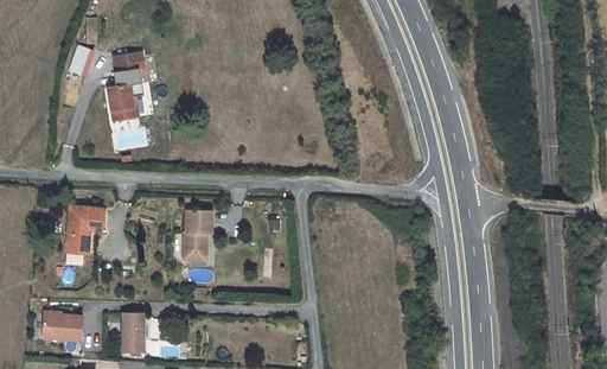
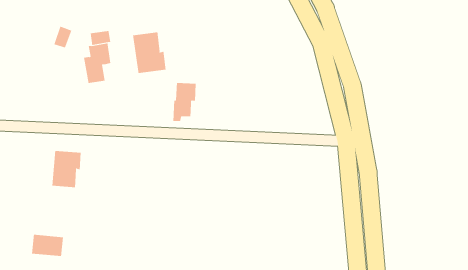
building: none -> [133,31,166,74]
building: [183,209,213,259] -> [172,82,197,122]
building: [122,313,143,350] -> none

